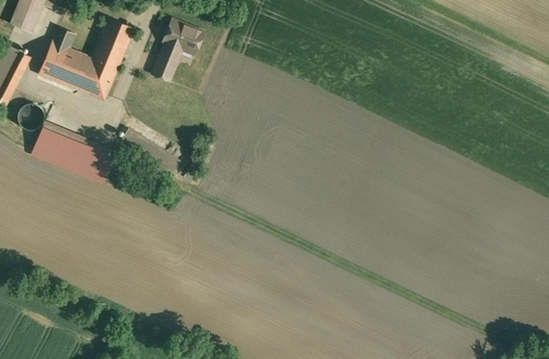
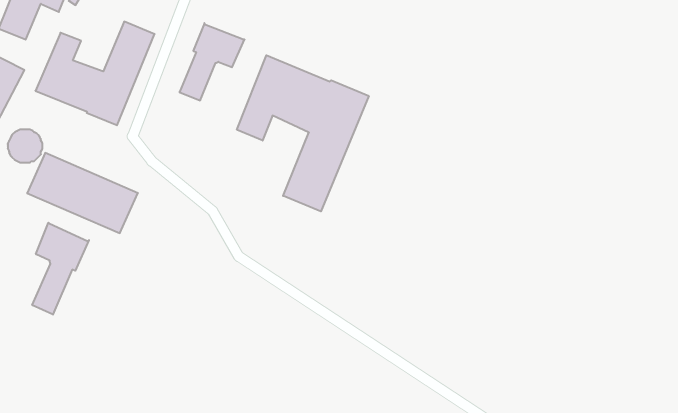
building: none -> [237,55,369,211]
building: none -> [32,223,89,315]

